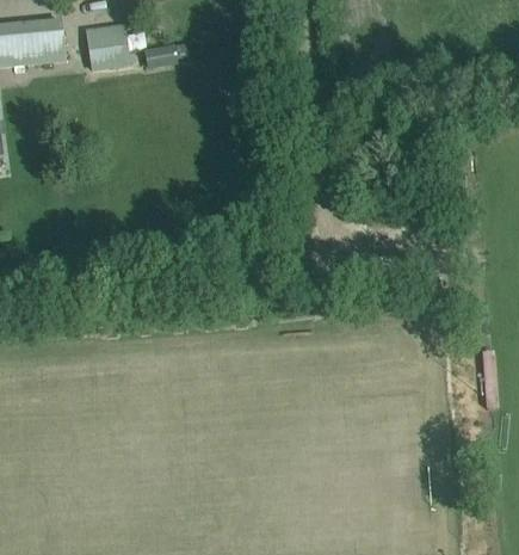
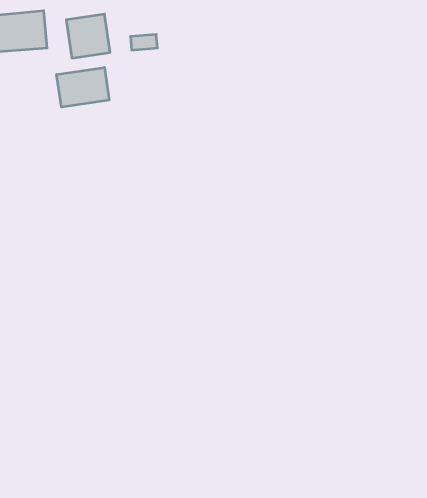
building: none -> [57,67,109,107]

